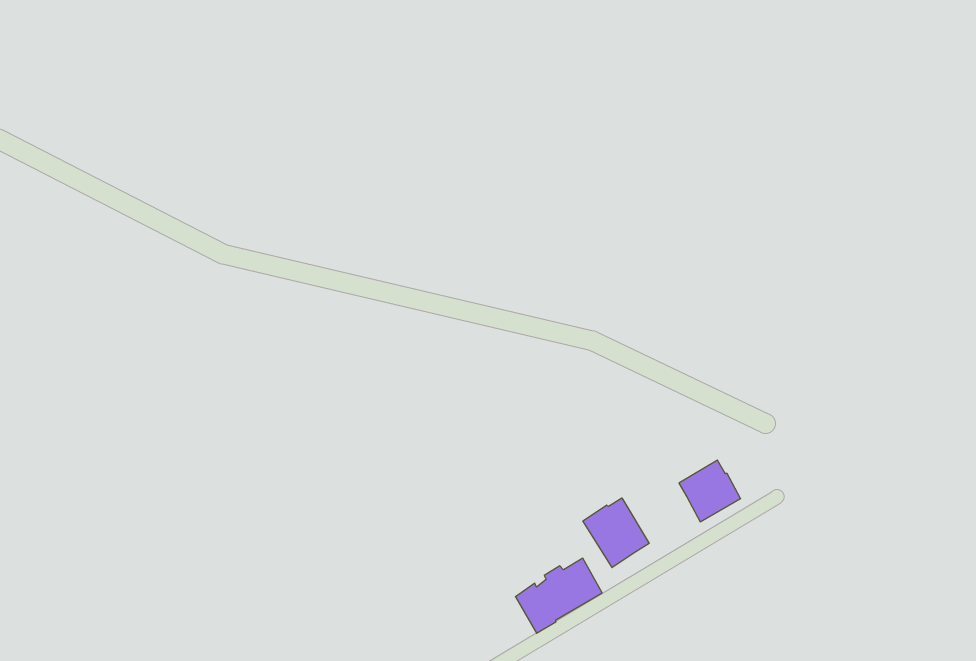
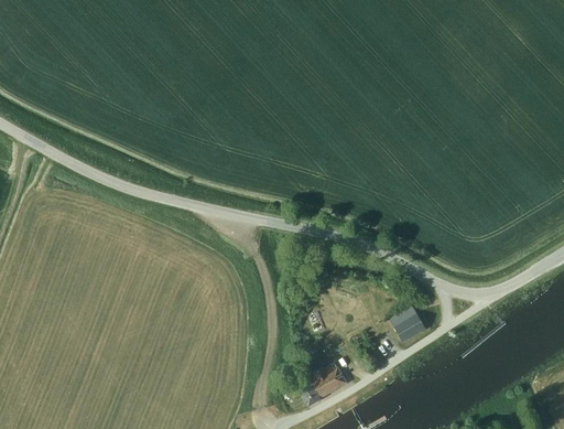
building: [583,498,649,568] -> none

